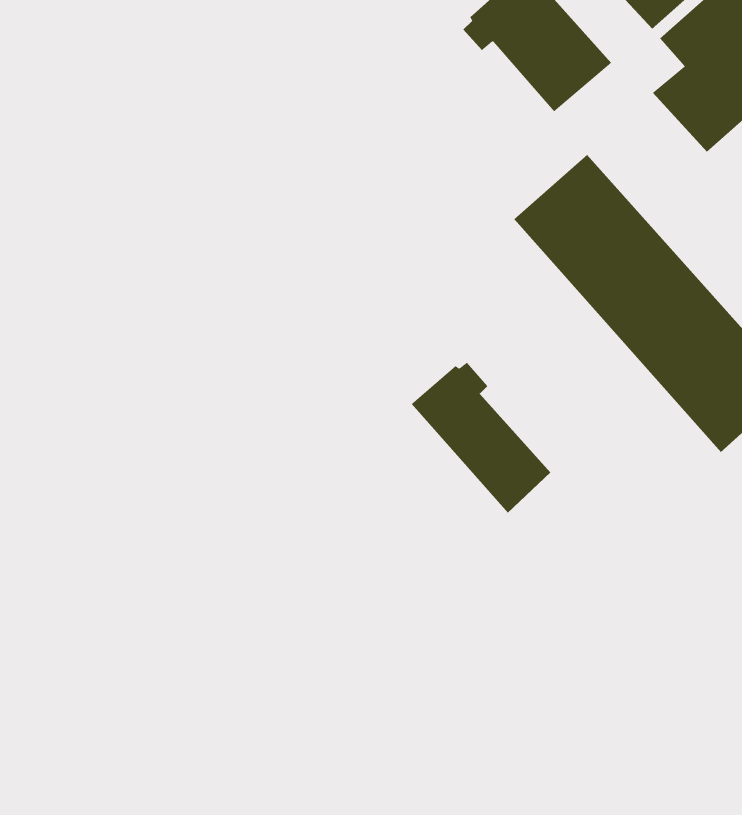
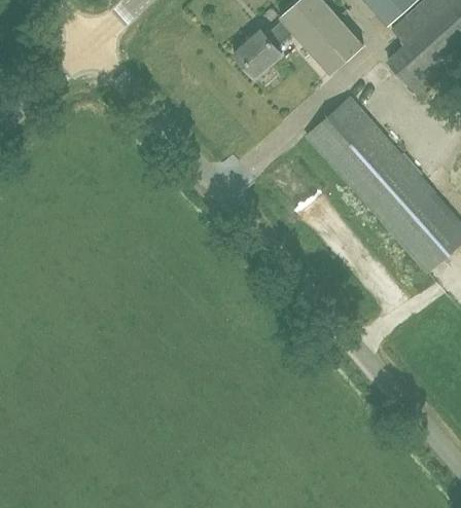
building: none -> [232,25,287,77]
building: [411,362,551,514] -> none

